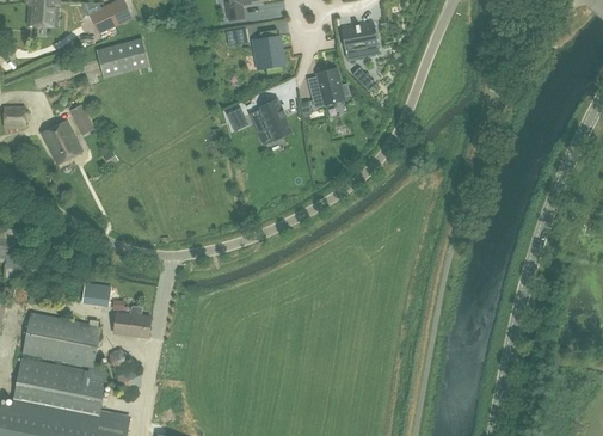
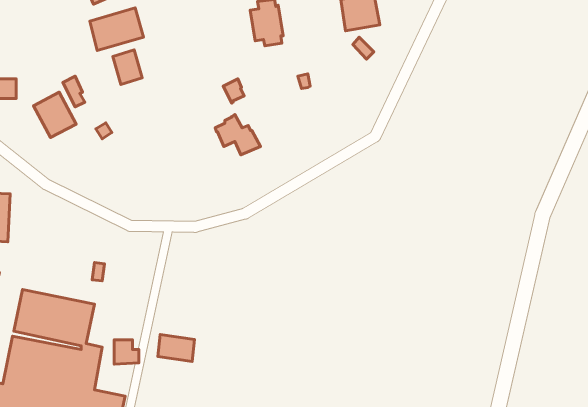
building: [307,68,349,104] -> none
building: none -> [113,50,142,84]
building: [248,100,293,140] -> [215,115,260,155]
building: [113,311,149,337] -> [158,335,195,361]

